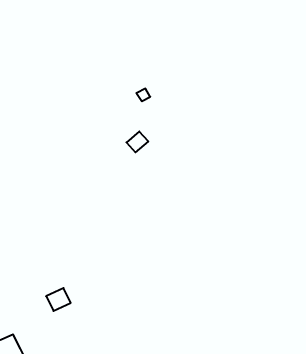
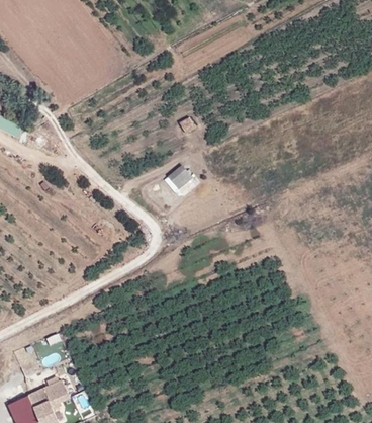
building: [46,288,71,311] -> [40,380,68,406]

